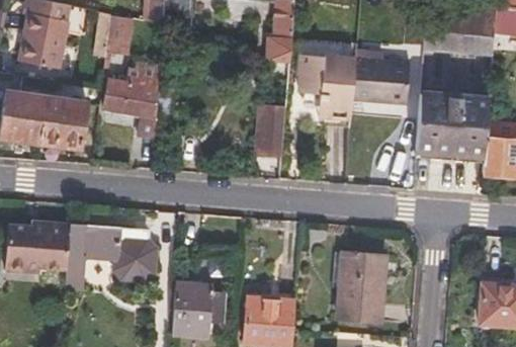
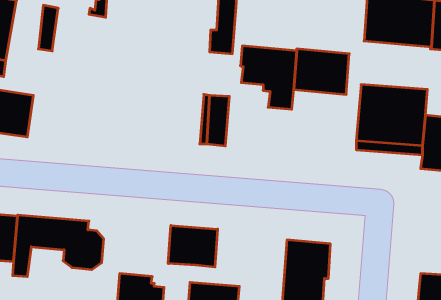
building: [104,12,134,67] -> none
building: [103,79,158,114] -> none
building: none -> [168,225,218,267]

